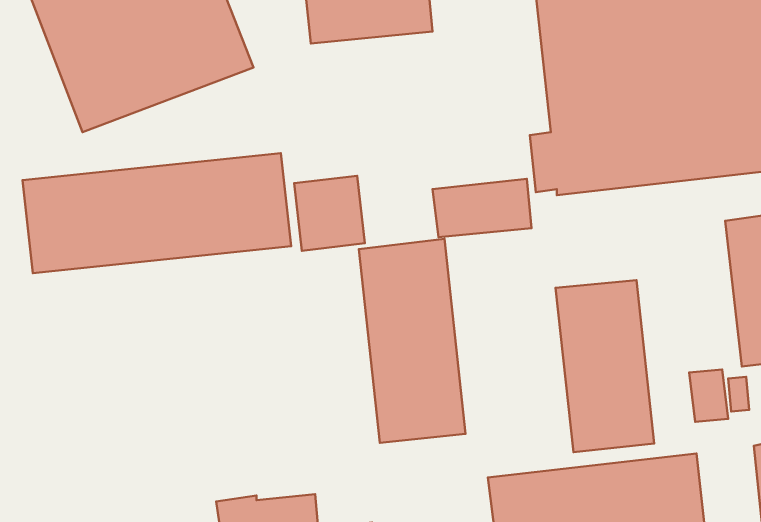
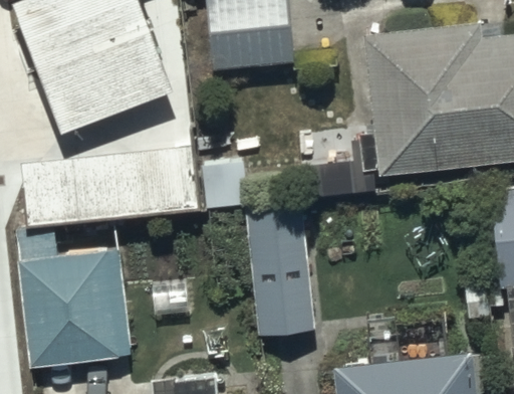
building: [556,280,654,452] -> none
building: none -> [16,221,135,362]

